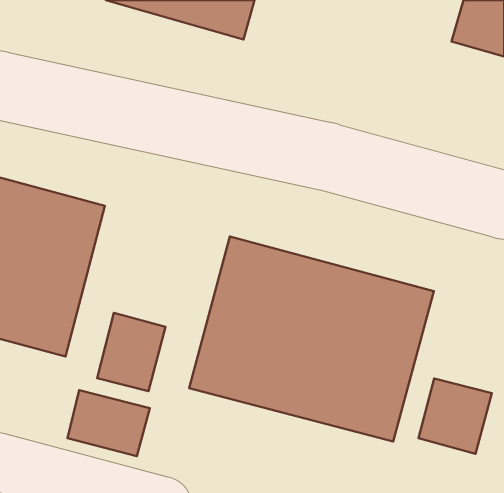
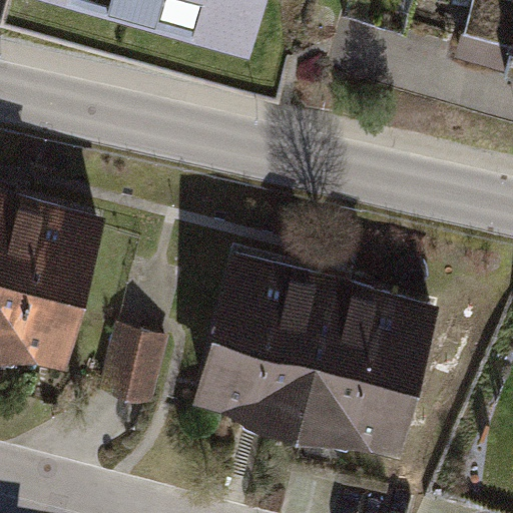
building: [418,378,492,454] -> none
building: [67,390,150,456] -> none

